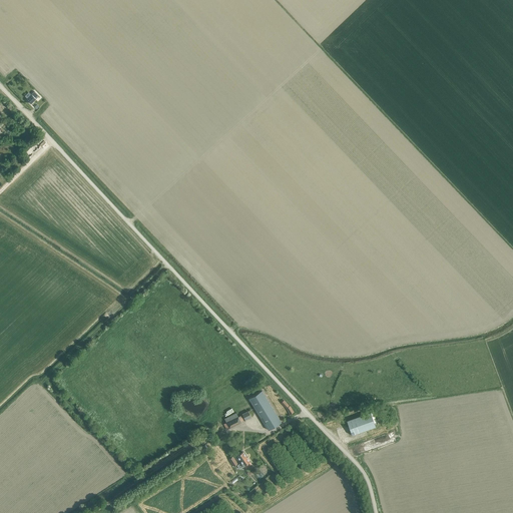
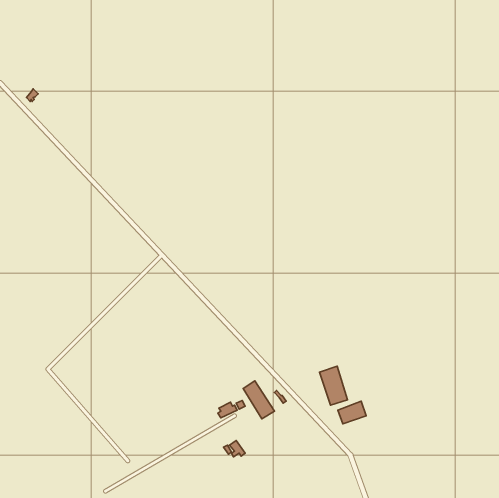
building: none -> [319,366,348,405]

